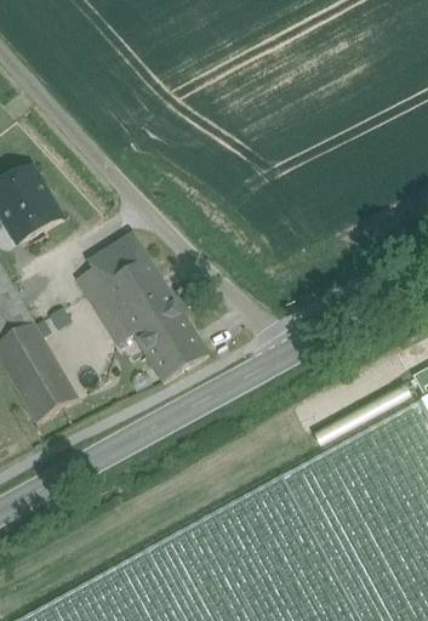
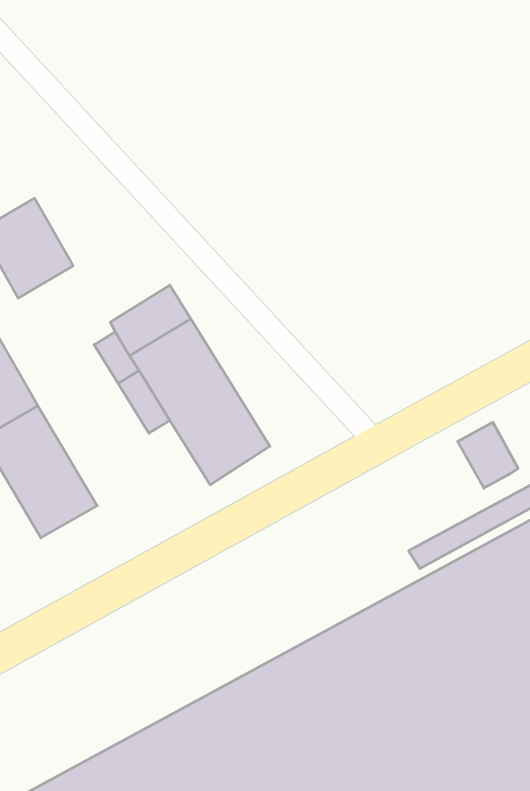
building: none -> [458,422,518,488]

